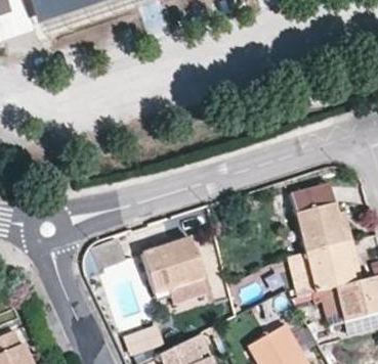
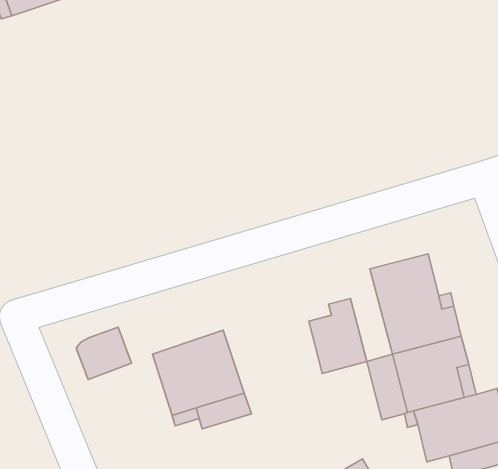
building: none -> [309,298,367,373]

